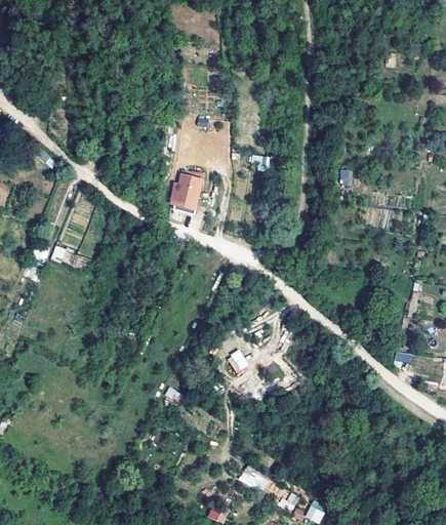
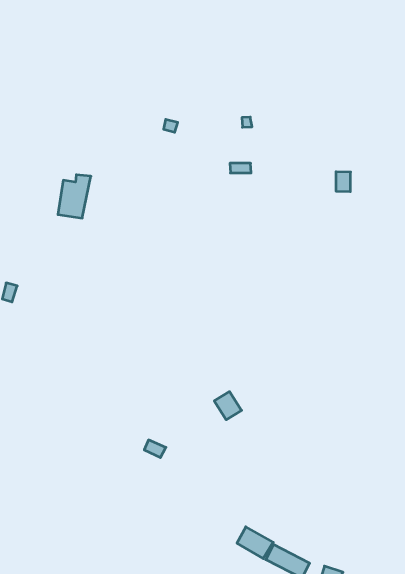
building: [173,171,203,208] -> [58,175,91,218]

